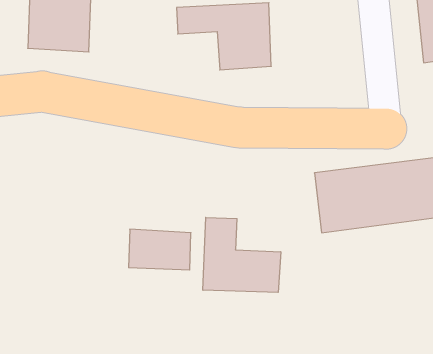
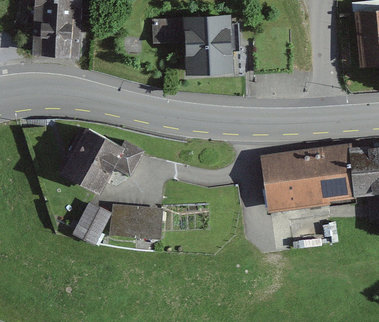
building: none -> [64,126,143,194]
building: [203,217,281,292] -> none
building: none -> [75,203,112,242]

